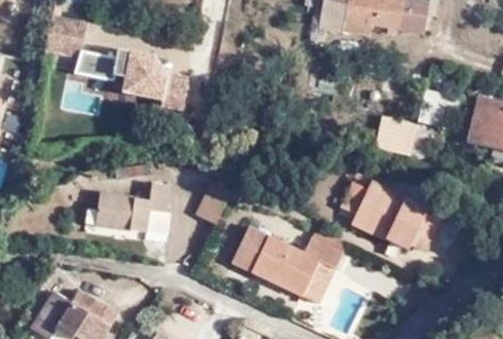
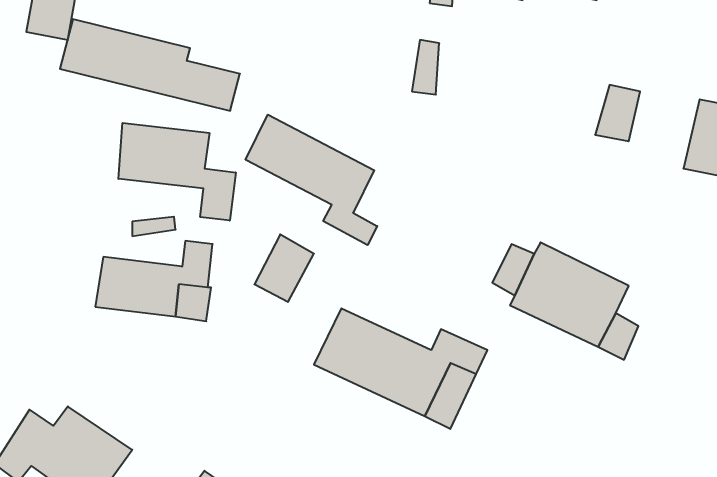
building: none -> [246,115,377,245]
building: none -> [118,123,236,221]
building: [384,124,427,155] -> none

